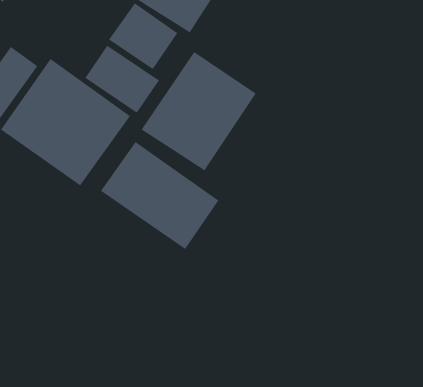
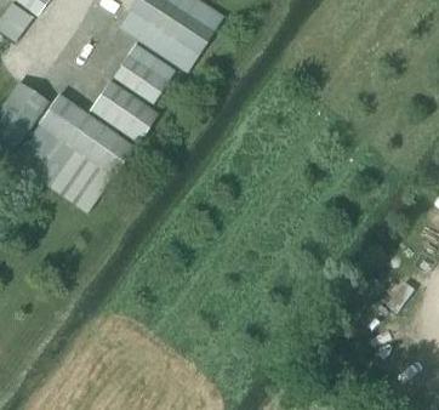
building: [141,51,256,171] -> none
building: [100,141,219,250] -> none

